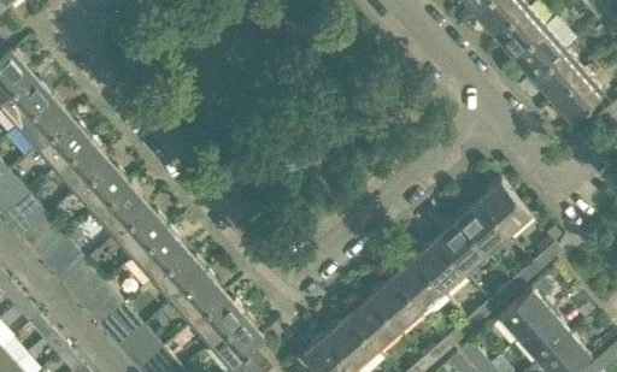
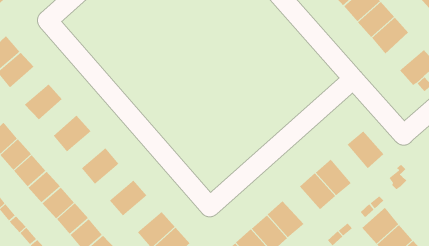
building: [531,47,584,99] -> none
building: [16,94,69,146] -> none
building: [55,138,107,189] -> none
building: [94,183,147,234] -> none
building: [457,201,507,254] -> none
building: [133,228,186,278] -> none
building: [390,259,442,311] -> none
building: [171,271,224,321] -> none

